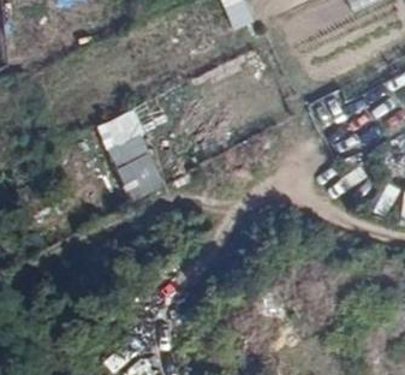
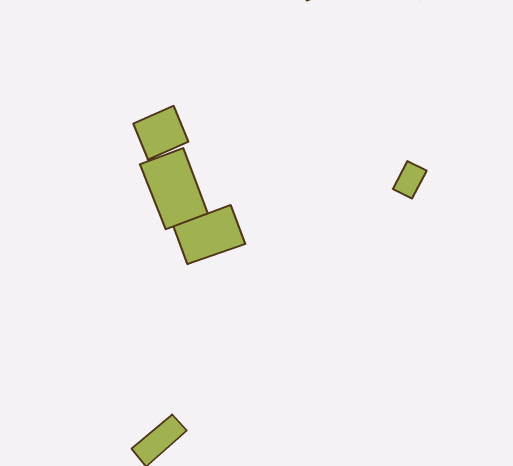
building: none -> [174,205,245,264]

